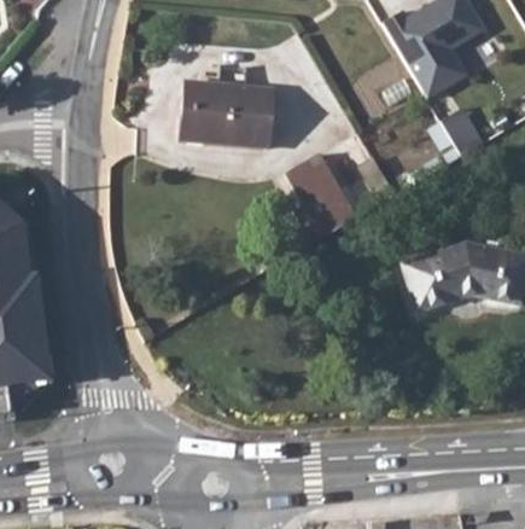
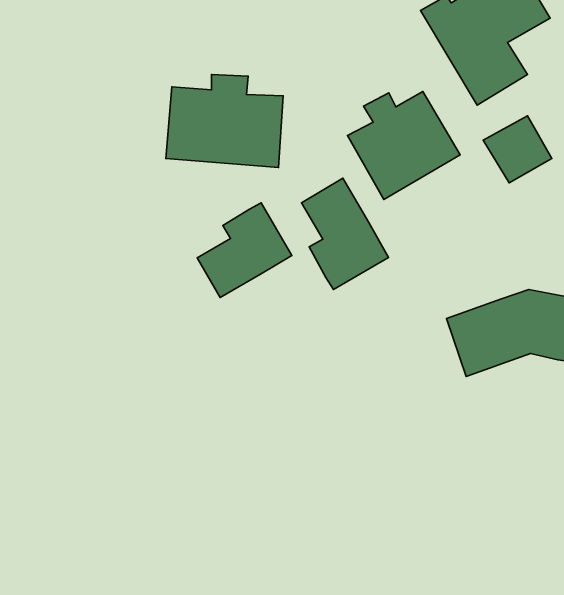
building: none -> [348,91,460,199]
building: none -> [197,203,292,298]

